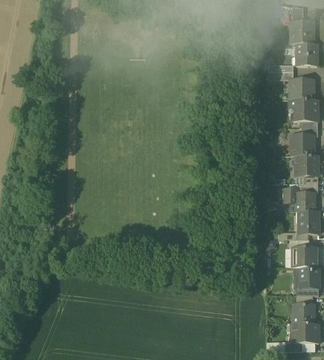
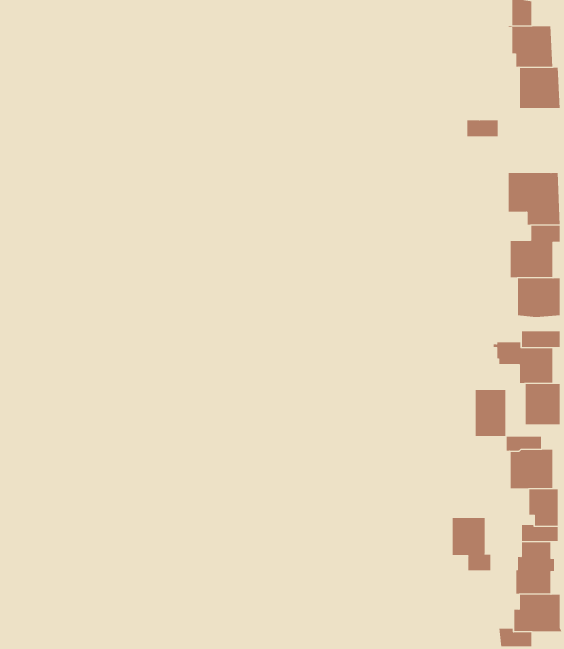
building: [289,79,313,99] -> none
building: none -> [475,389,506,437]
building: none -> [452,517,491,571]

